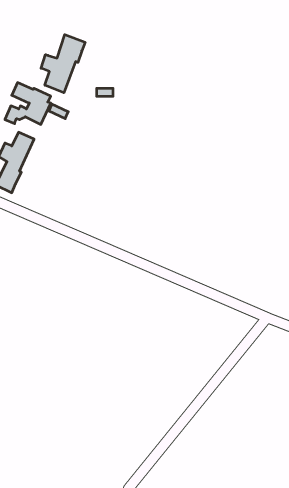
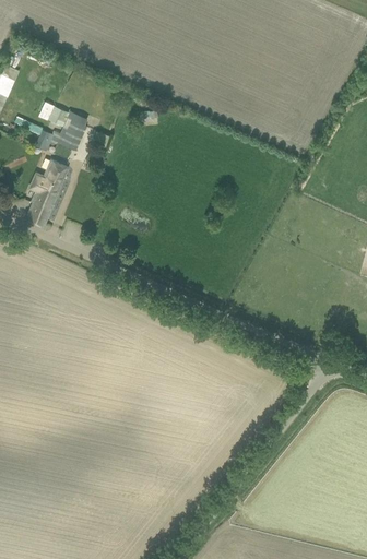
building: [41,35,85,93] -> none

